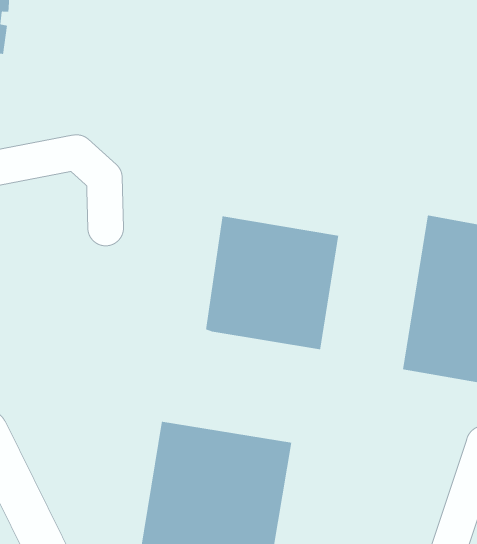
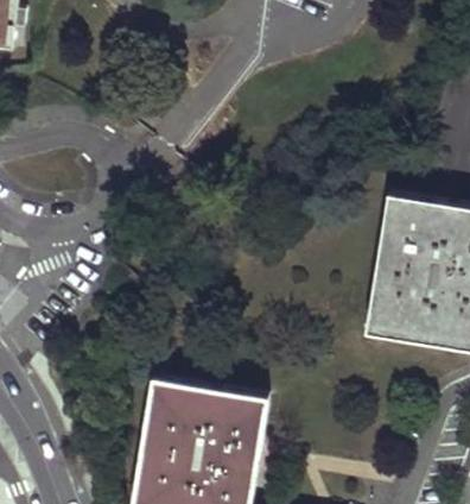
building: [205,216,339,350] -> none

